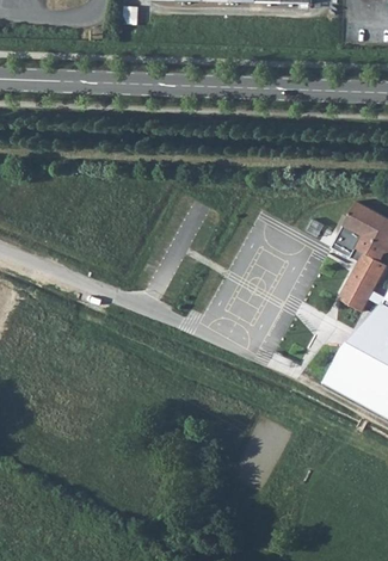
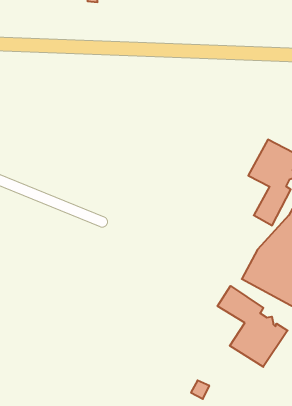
building: none -> [218,286,288,367]

